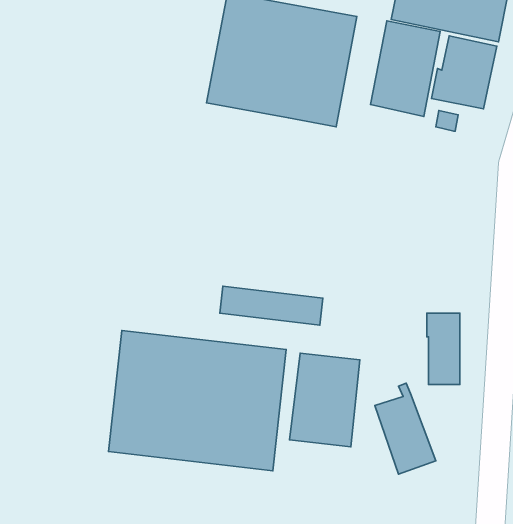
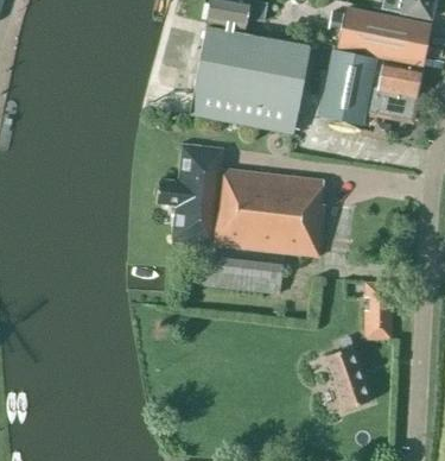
building: none -> [155,144,325,260]
building: [108,330,286,471] -> none
building: [289,353,360,447] -> none

